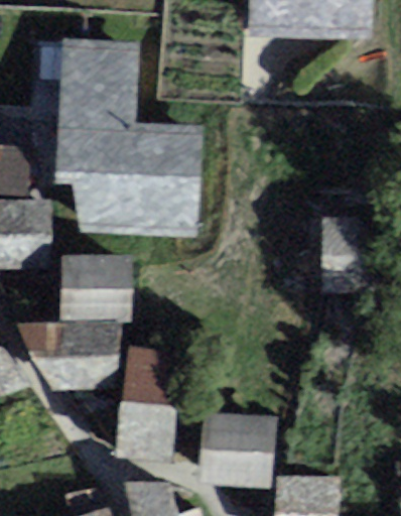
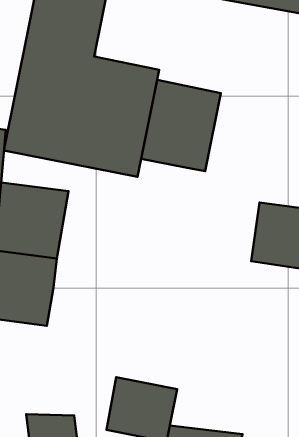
building: none -> [141,80,221,171]
building: [124,352,178,454] -> none

